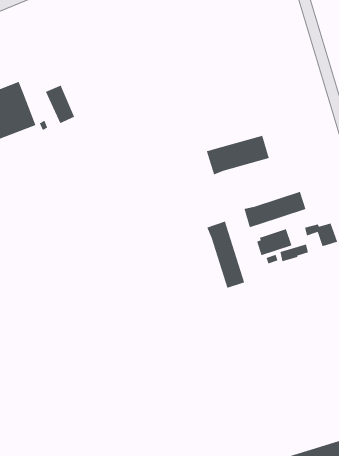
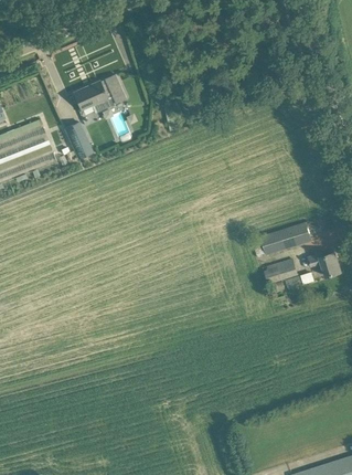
building: none -> [74,74,127,112]
building: [206,135,270,176] -> none
building: [206,221,245,289] -> none

